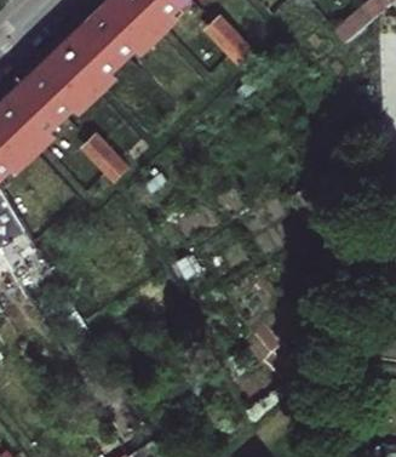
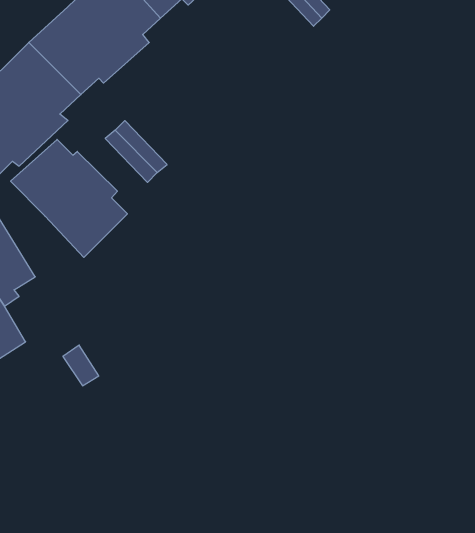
building: none -> [11,139,127,257]

